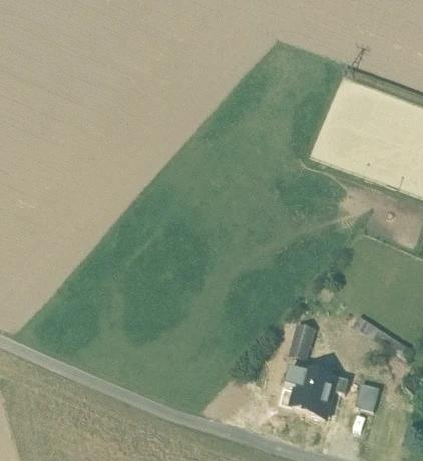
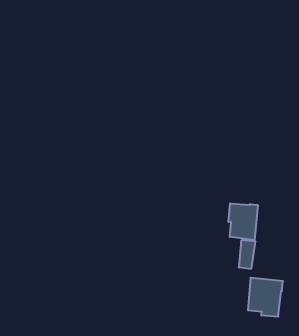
building: none -> [228,203,258,240]

